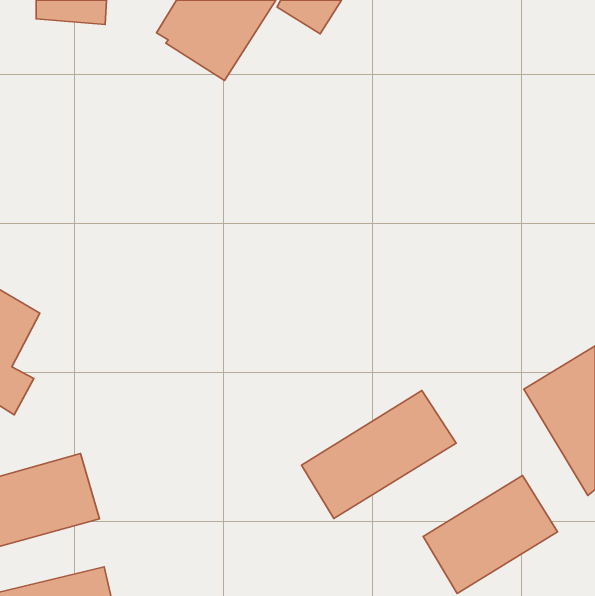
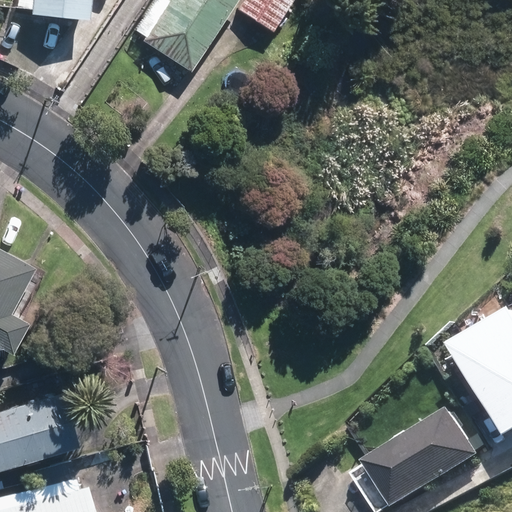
building: [302,390,456,519] -> none

